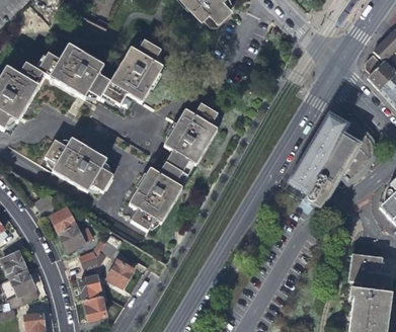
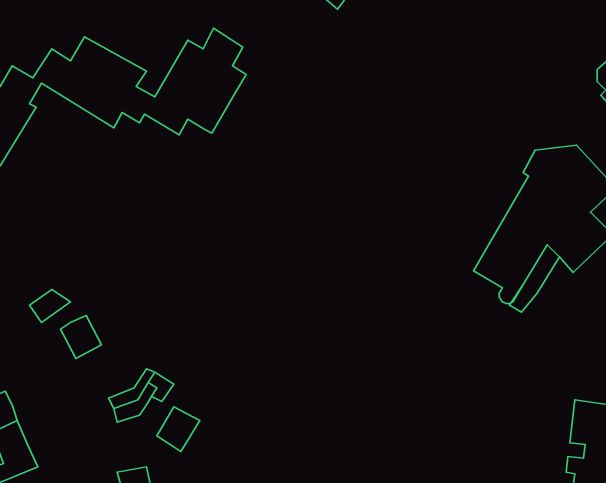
building: [127,103,216,230] -> none
building: [42,139,110,193] -> none
building: [60,223,92,252] -> none
building: [80,274,105,302] -> none

